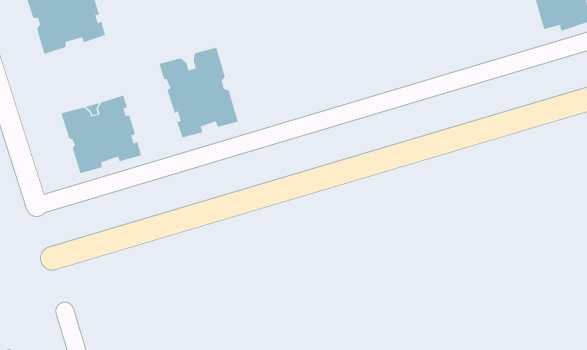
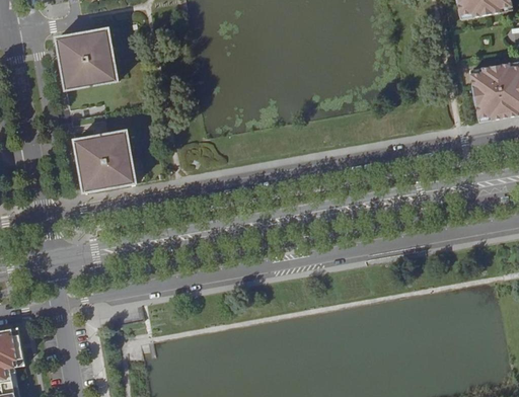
building: [159,47,239,138] -> none

